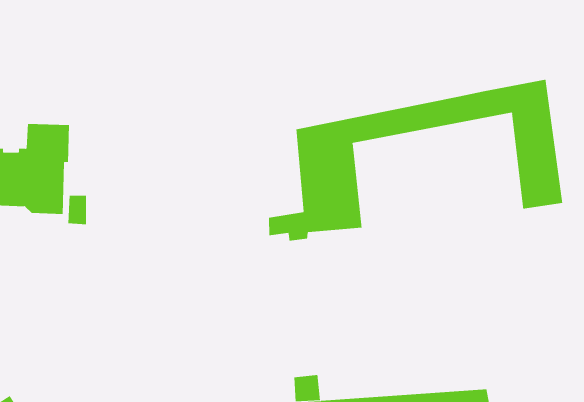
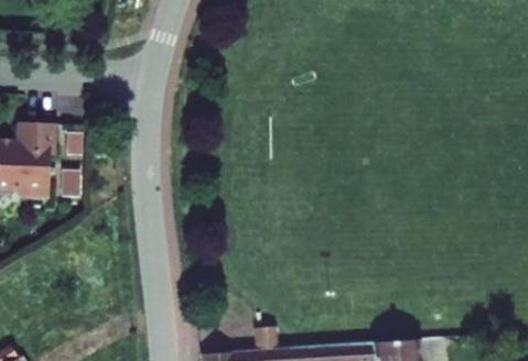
building: [268,79,563,242] -> none

